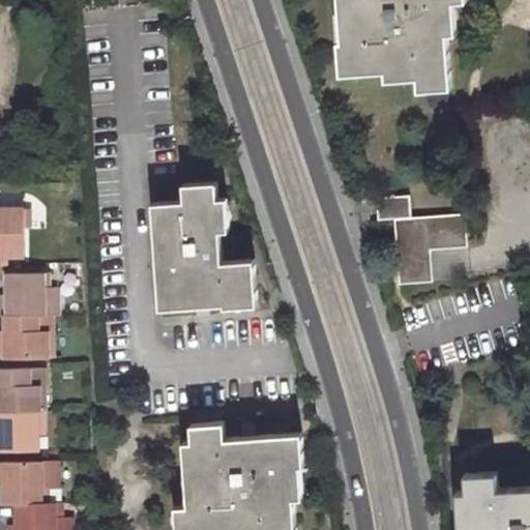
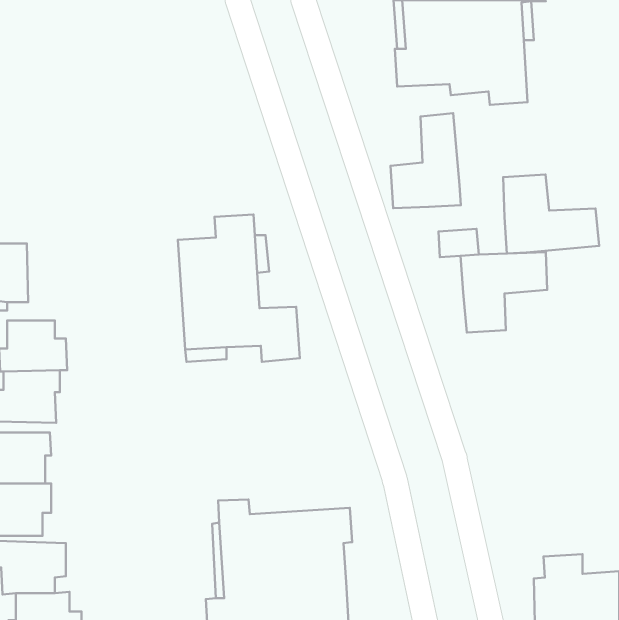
building: none -> [391,113,461,208]
building: none -> [503,174,599,254]

